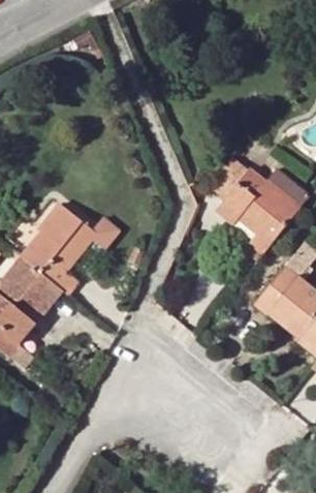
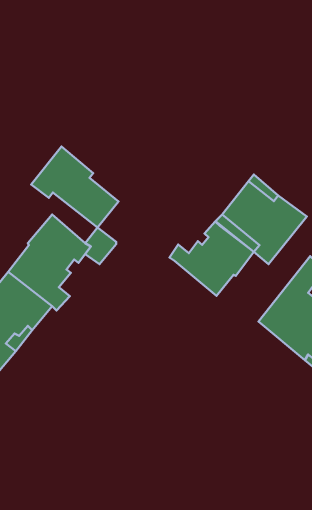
building: none -> [31,146,119,228]
building: none -> [170,221,254,296]

